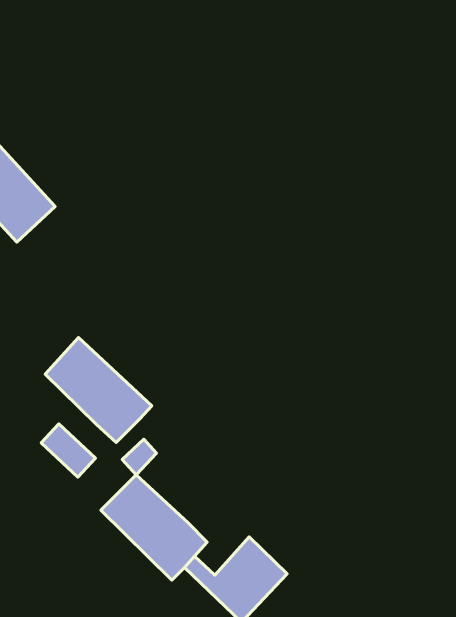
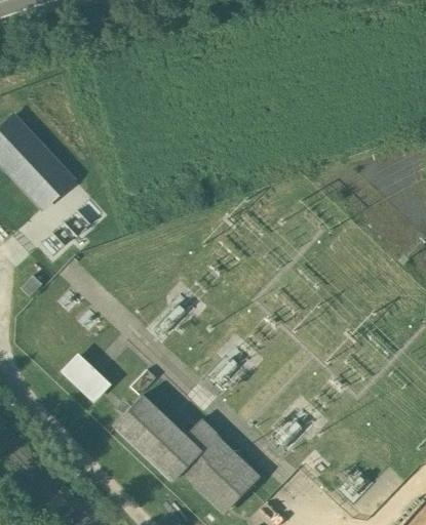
building: [45,338,152,442] -> none
building: none -> [183,417,232,477]

